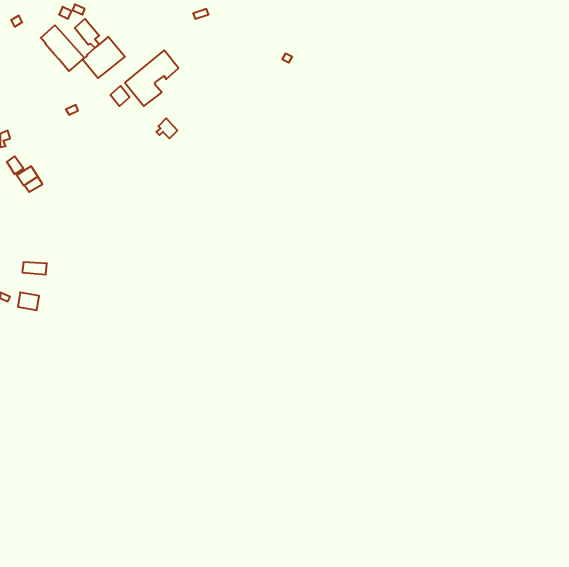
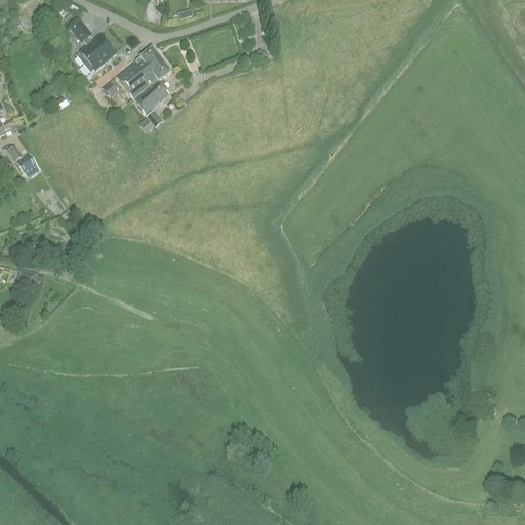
building: [41,25,84,71] -> none
building: none -> [133,63,171,113]

